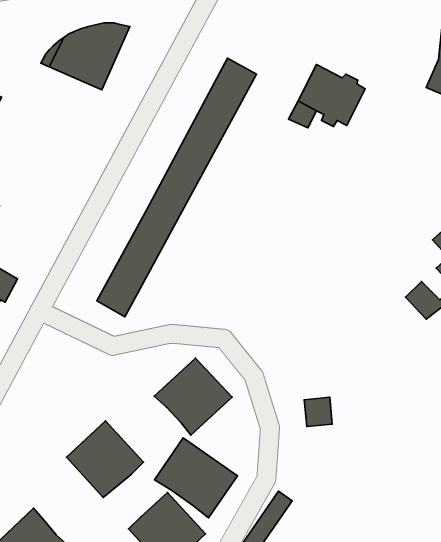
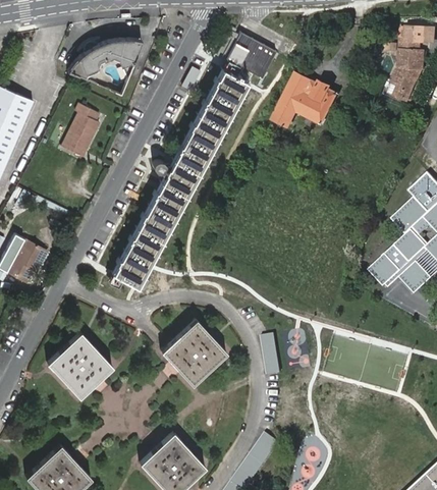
building: none -> [227,33,275,77]
building: none -> [63,105,102,159]
building: none -> [259,335,277,374]
building: [67,421,143,498] -> [48,332,112,396]
building: [154,438,237,518] -> none

